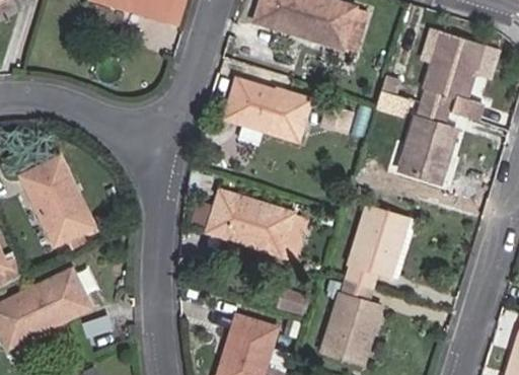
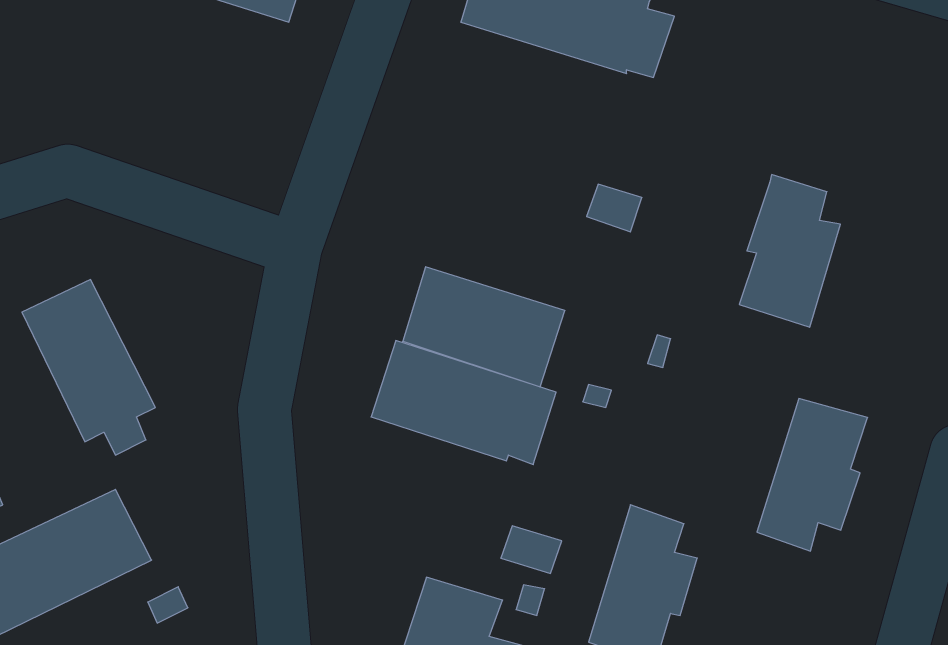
building: [420,34,484,120] -> none
building: [224,76,310,140] -> [403,267,565,387]
building: [345,206,403,287] -> [757,399,868,551]

